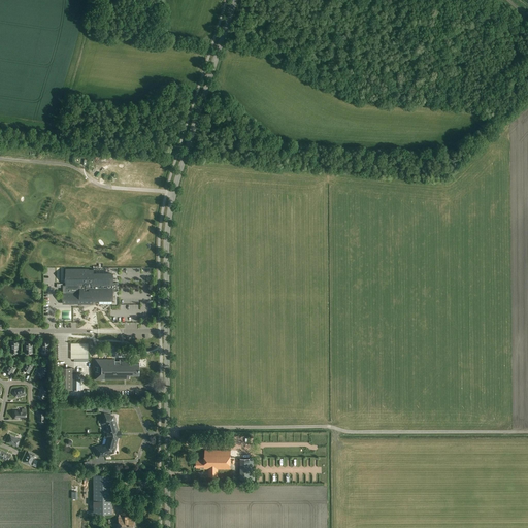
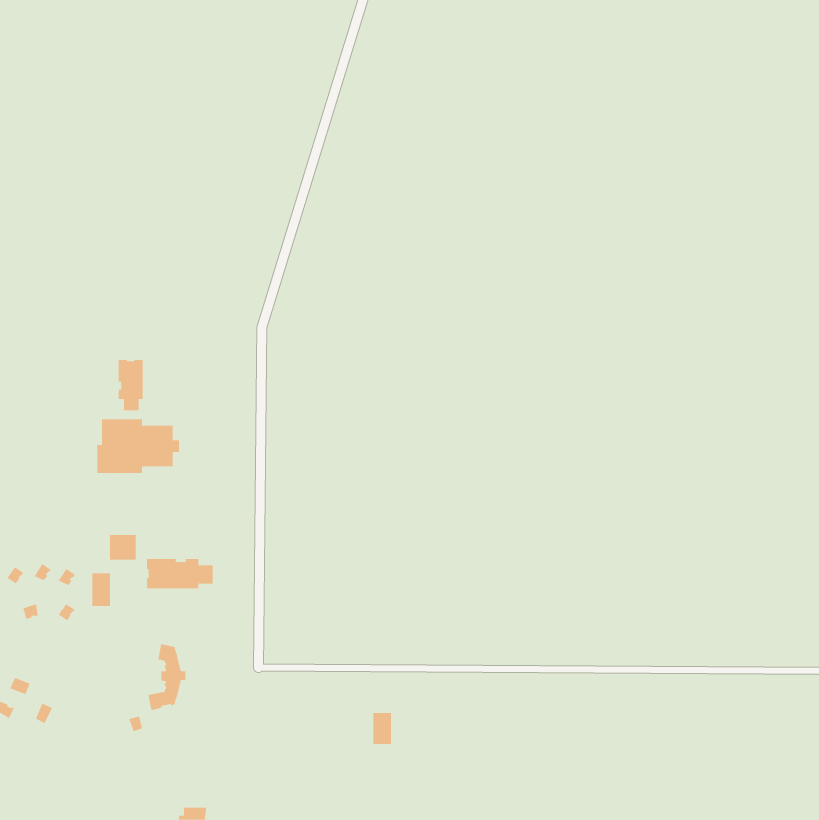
building: none -> [118,359,143,411]
building: [195,450,230,476] -> none
building: [92,474,111,514] -> none

